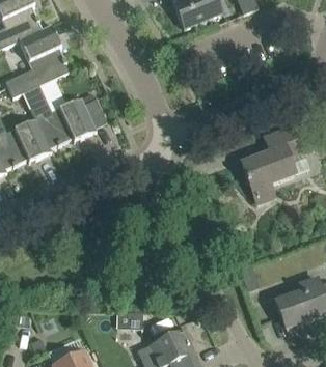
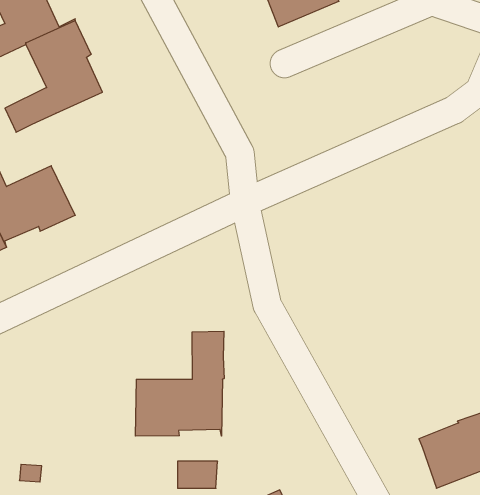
building: [23,85,96,151] -> none
building: [241,125,301,191] -> none
building: none -> [135,331,224,436]

